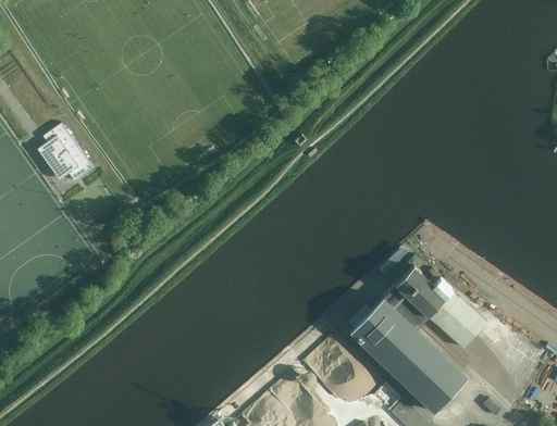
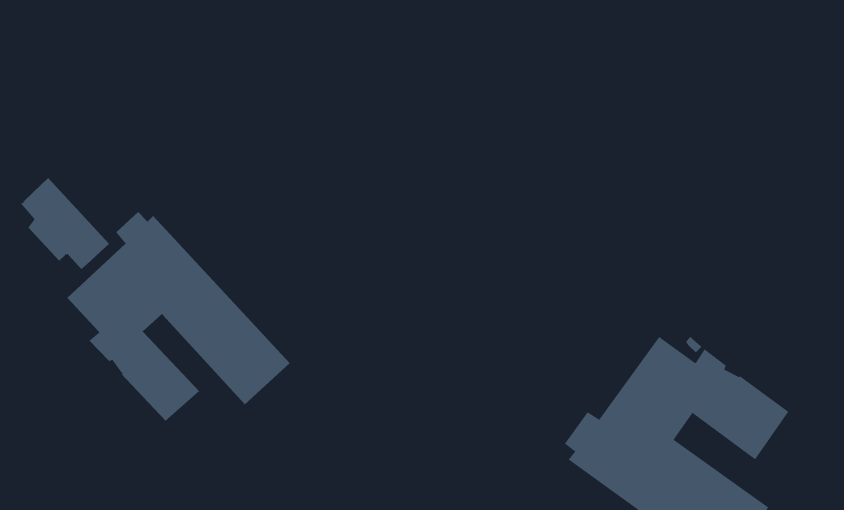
building: none -> [67,211,290,422]

